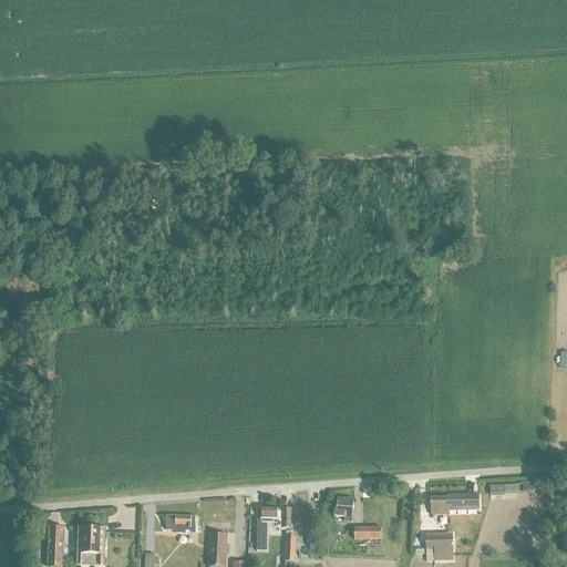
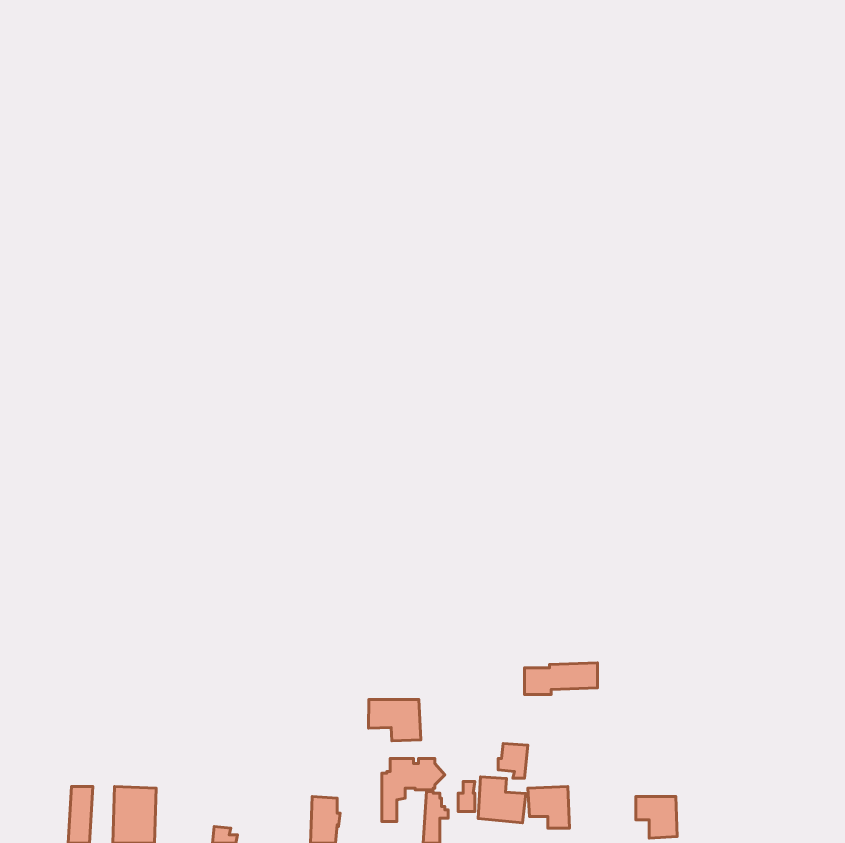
building: none -> [368,699,421,741]
building: [429,492,477,513] -> [525,663,598,694]
building: [165,514,194,532] -> none
building: none -> [478,777,526,823]

